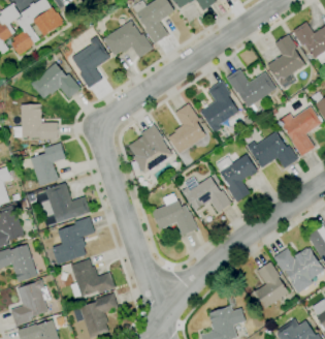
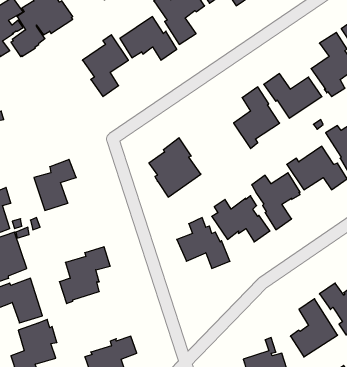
building: [30,62,80,99] -> none
building: [13,104,58,140] -> none
building: [168,104,206,154] -> none
building: [45,183,90,223] -> none
building: [70,258,115,298] -> none

